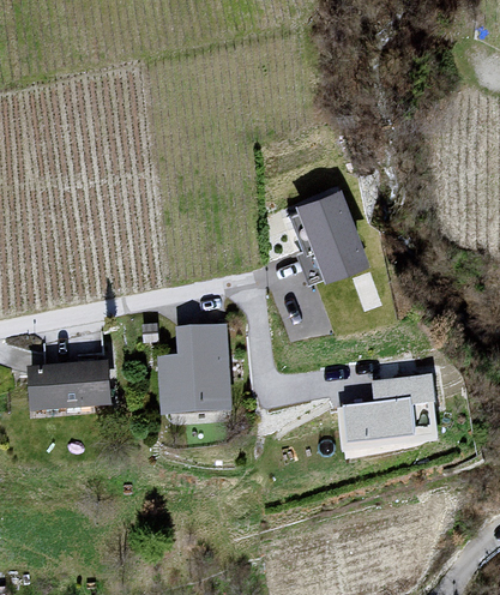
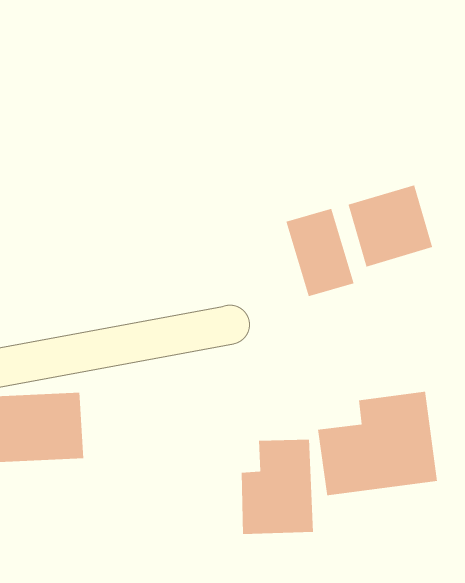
building: none -> [348,184,433,267]
building: [158,324,224,410] -> [241,439,314,535]

